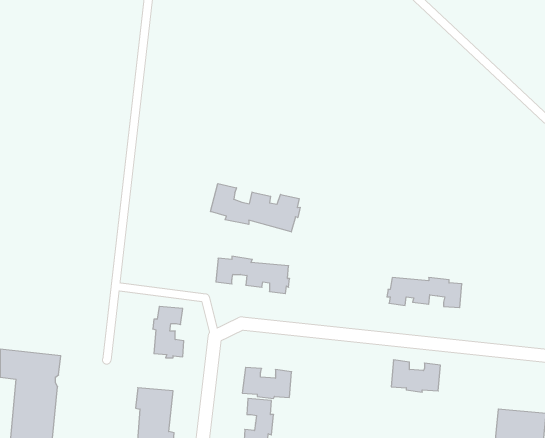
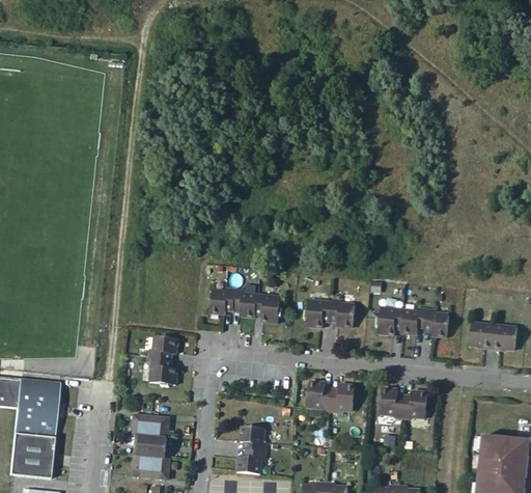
building: [211,184,300,232] -> none
building: none -> [304,299,355,328]
building: none -> [469,322,516,350]
building: [242,367,292,398] -> [307,382,355,412]

